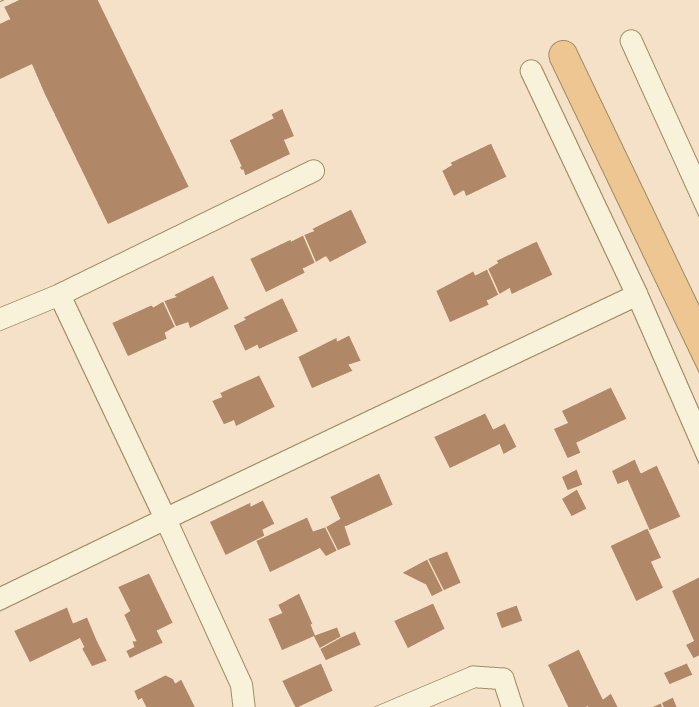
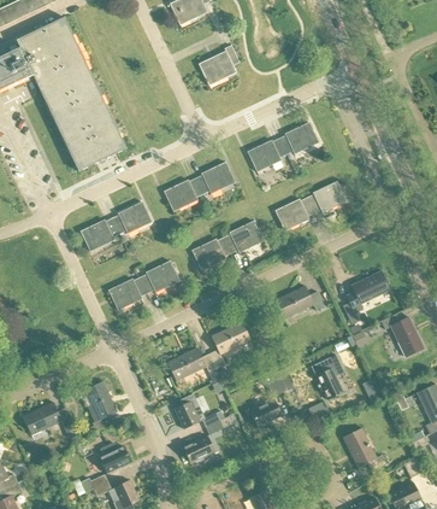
building: [229,108,295,176] -> [200,43,240,84]
building: none -> [248,139,287,171]
building: [233,297,299,351] -> [224,221,264,253]
building: [209,500,275,556] -> [108,277,148,311]
building: [610,528,664,602] -> [312,355,344,399]

